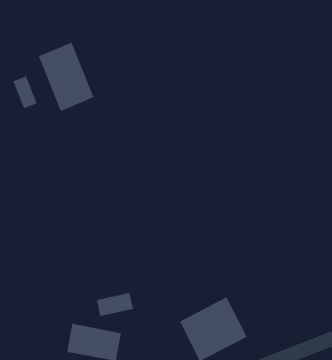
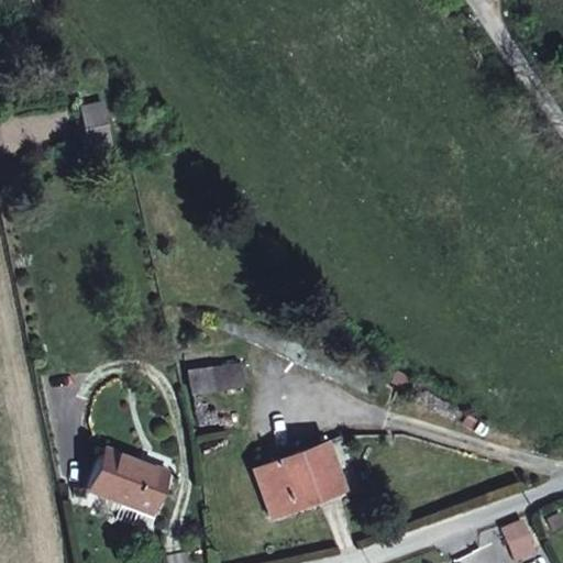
building: [38,42,94,112] -> none
building: [96,293,134,317] -> [194,363,242,388]

